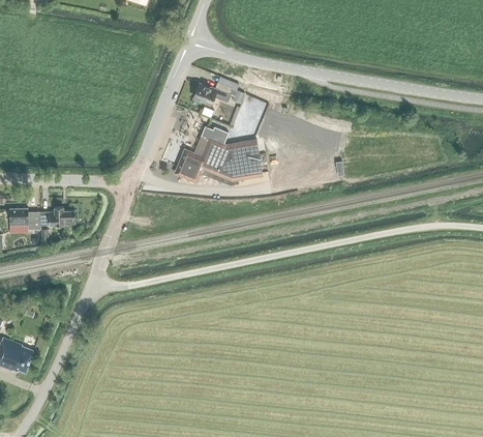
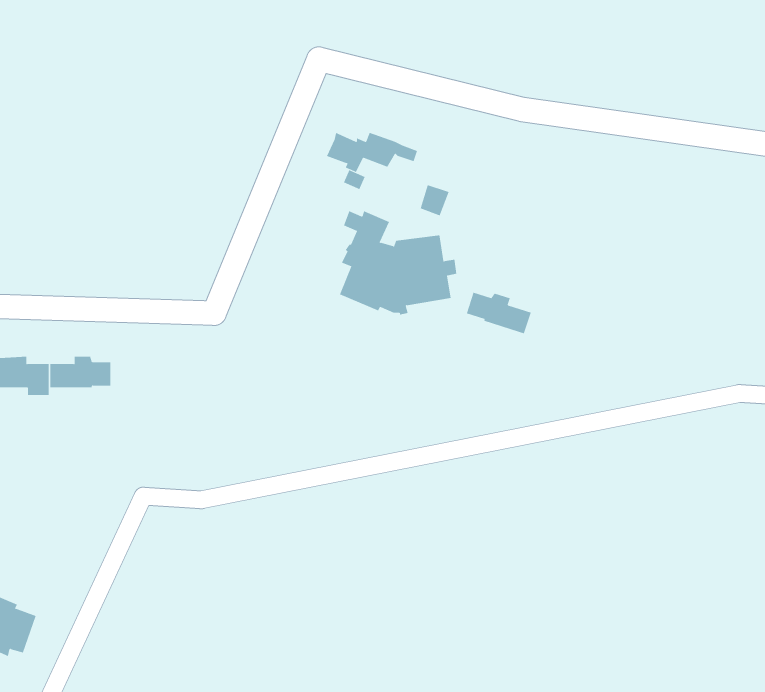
building: [176,147,206,181] -> none
building: none -> [466,292,531,334]

